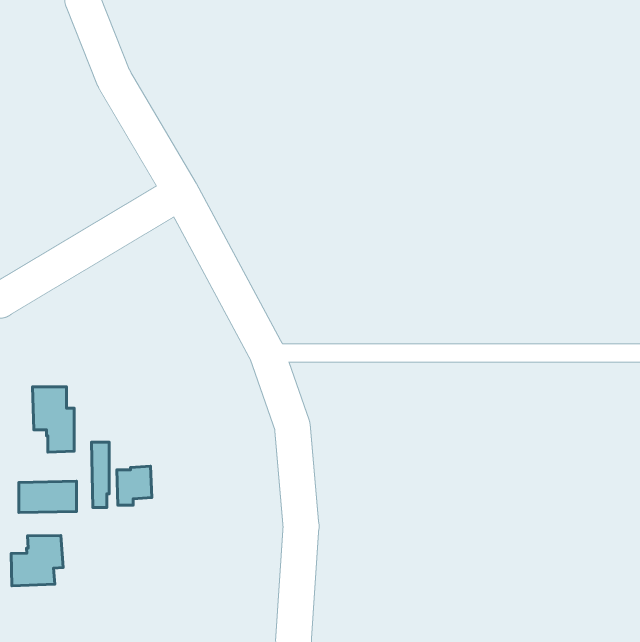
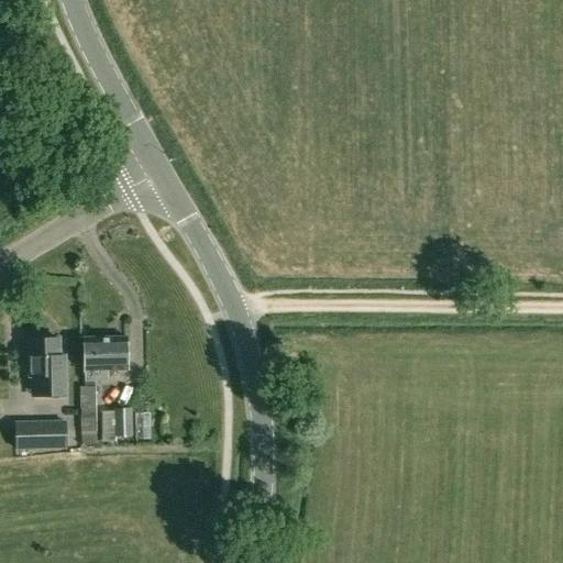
building: none -> [85,336,128,380]
building: [11,536,63,586] -> none

